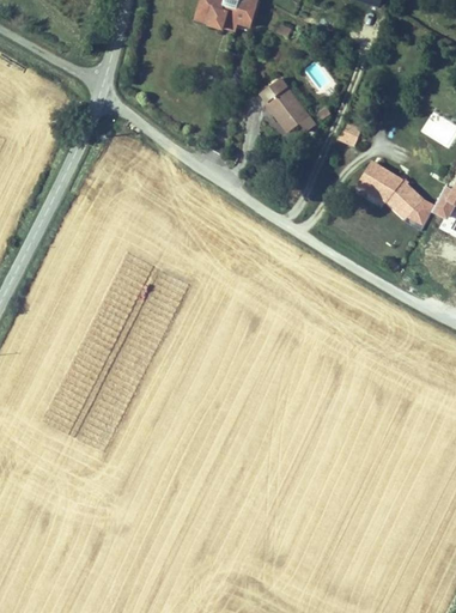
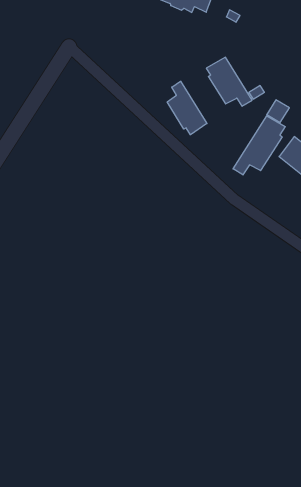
building: none -> [167,81,207,135]
building: none -> [233,116,285,175]

